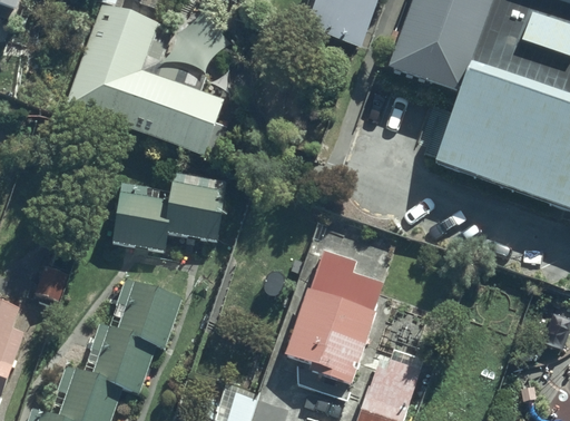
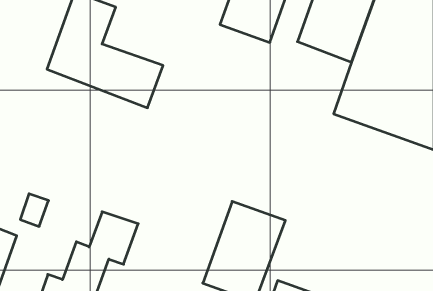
building: [114,177,227,246] -> none

